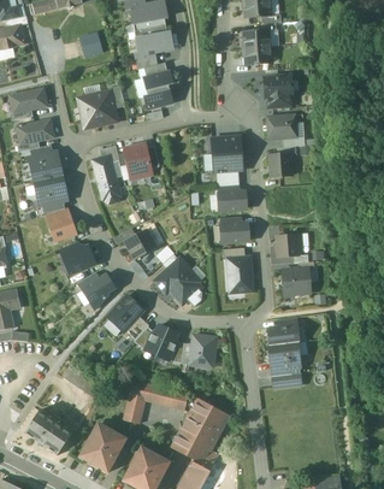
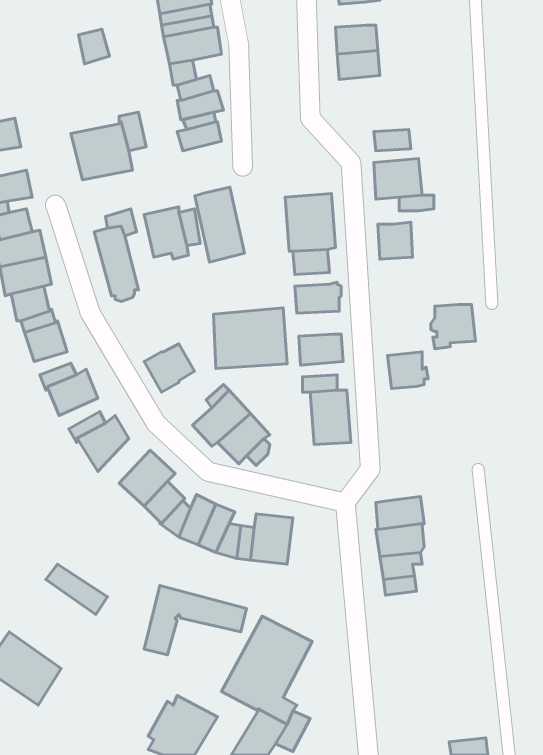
building: [265,75,291,96] -> none
building: none -> [195,187,245,262]
building: none -> [214,308,287,369]
building: [282,269,309,296] -> [431,304,475,349]
building: [83,424,126,471] -> none

